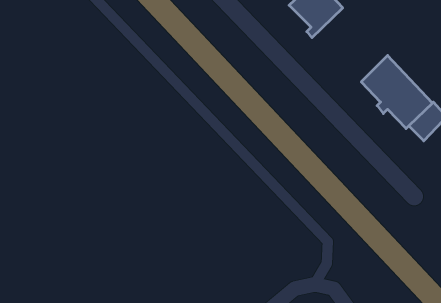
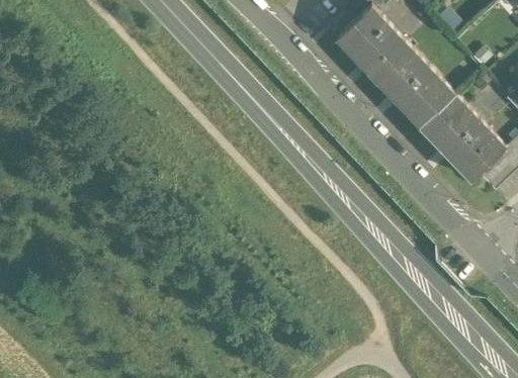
building: none -> [363,37,450,122]

